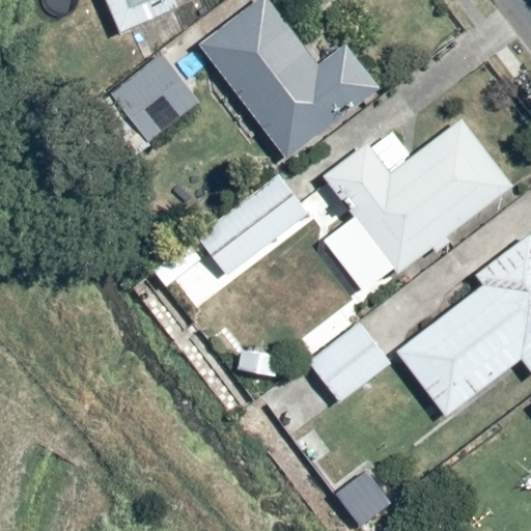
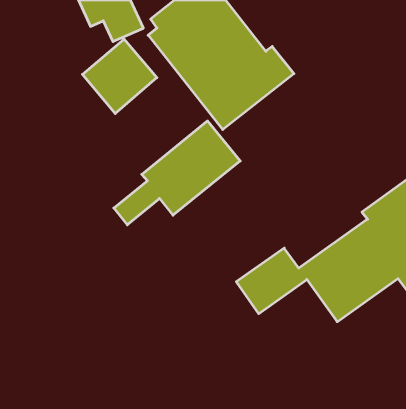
building: [305,115,515,277] -> none

